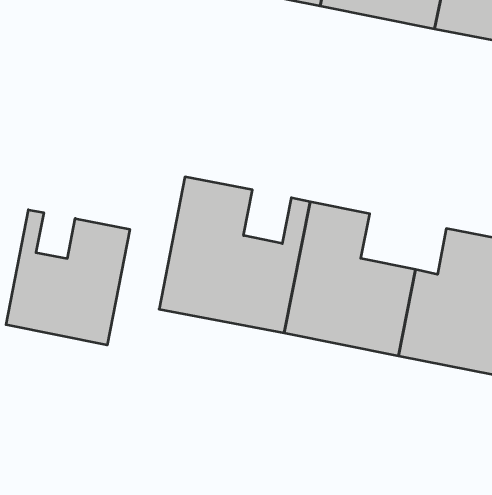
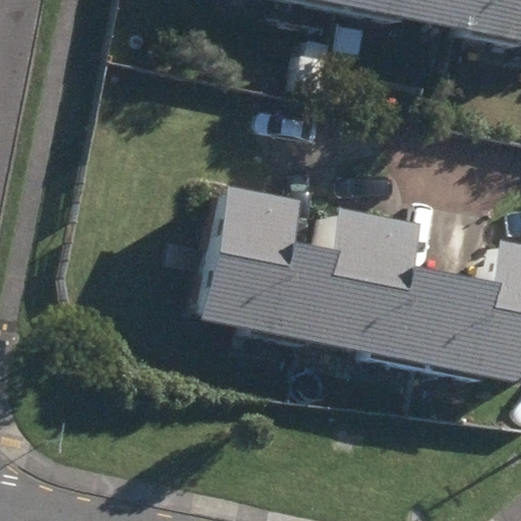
building: [6,210,130,345] -> none

